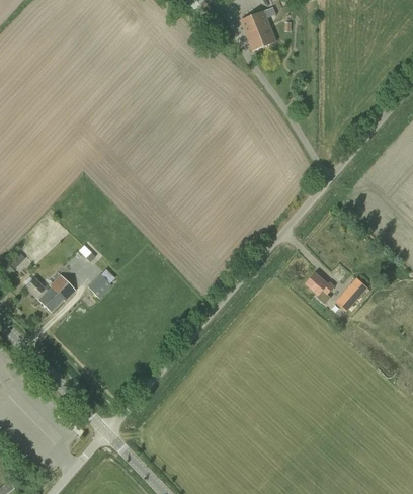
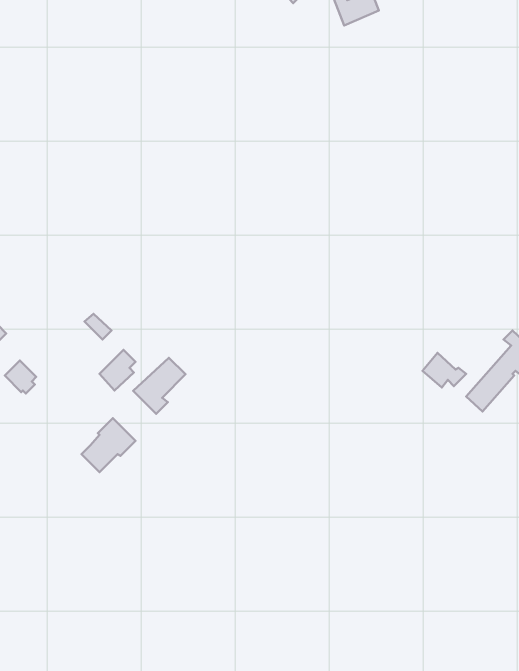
building: [38,273,75,310] -> [81,418,136,472]
building: none -> [133,358,185,414]

